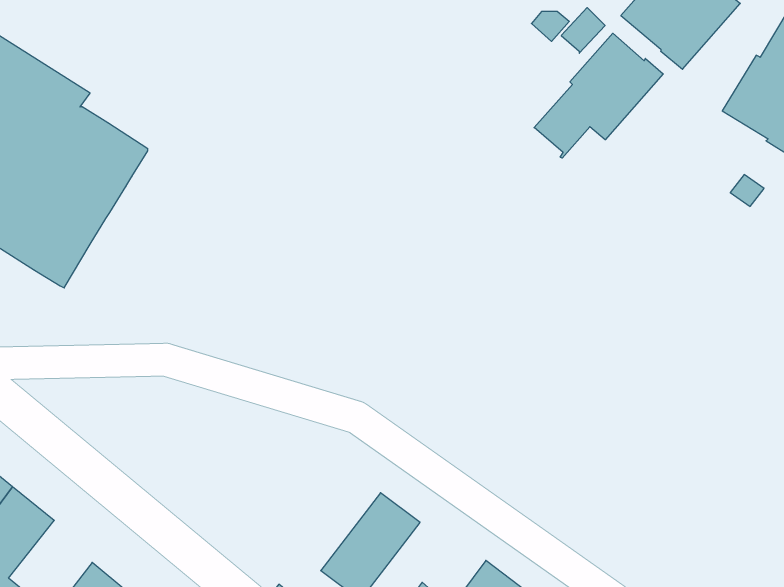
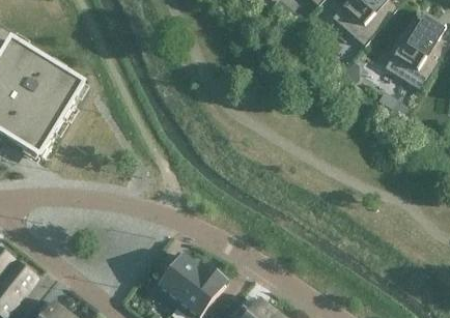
building: [534,33,663,158] -> none
building: none -> [156,253,206,306]

